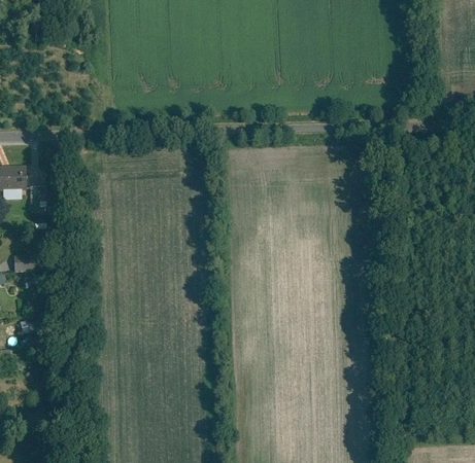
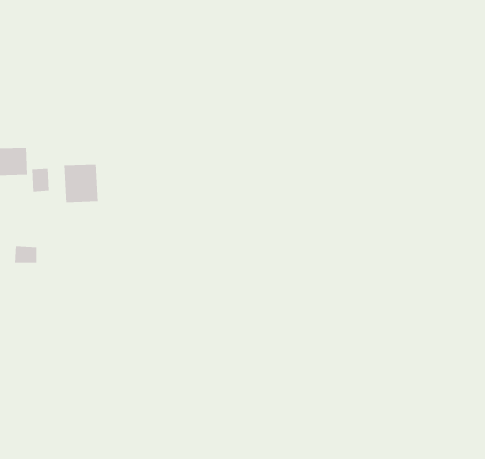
building: none -> [64,164,98,203]

